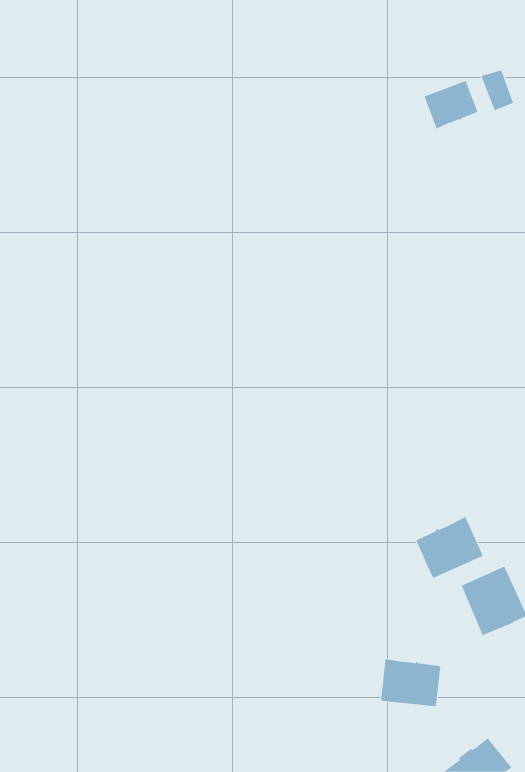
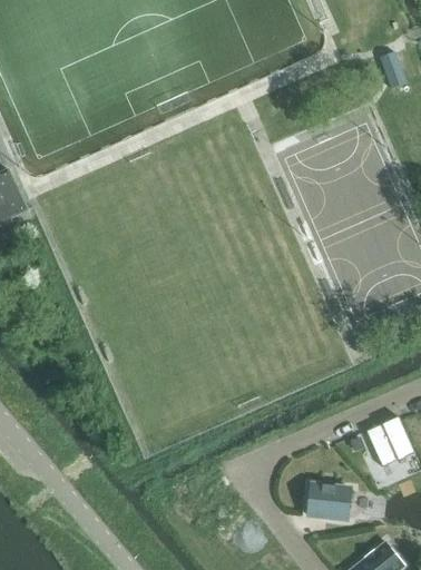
building: [424,80,478,129] -> none
building: [415,516,483,579] -> none

